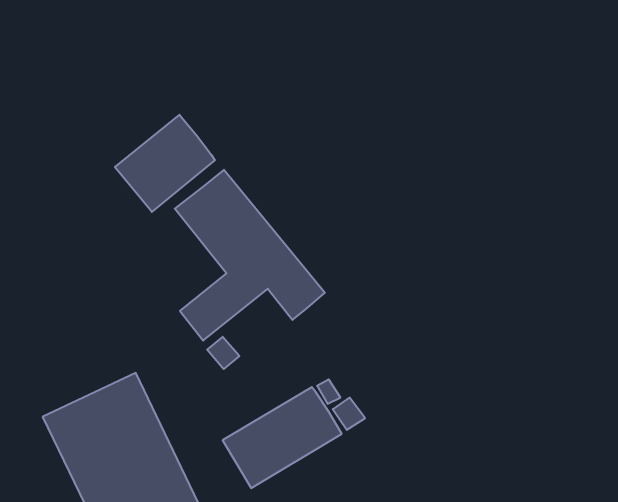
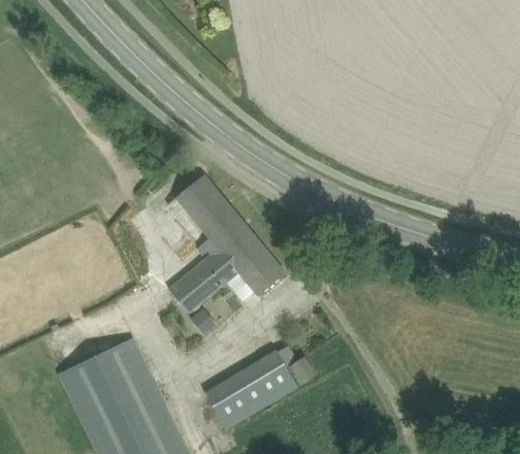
building: [115,115,215,212] -> none

